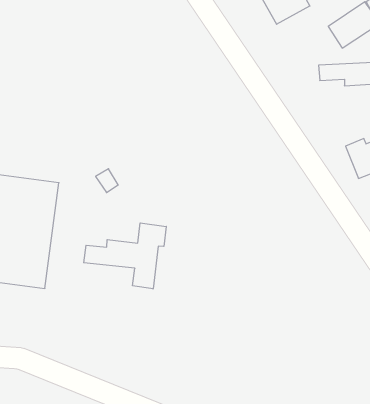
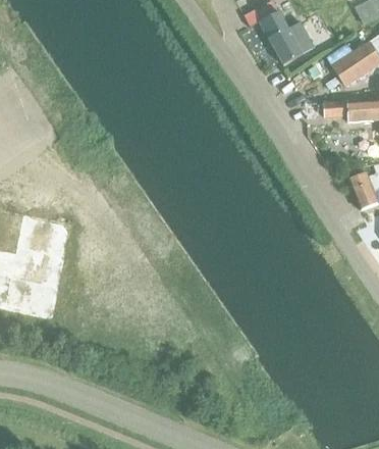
building: [84,223,166,289] -> none

